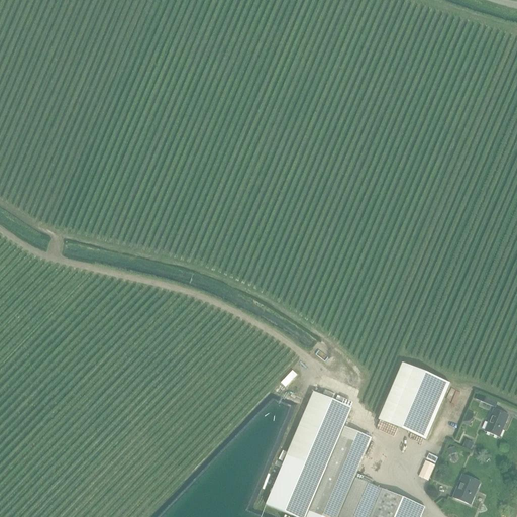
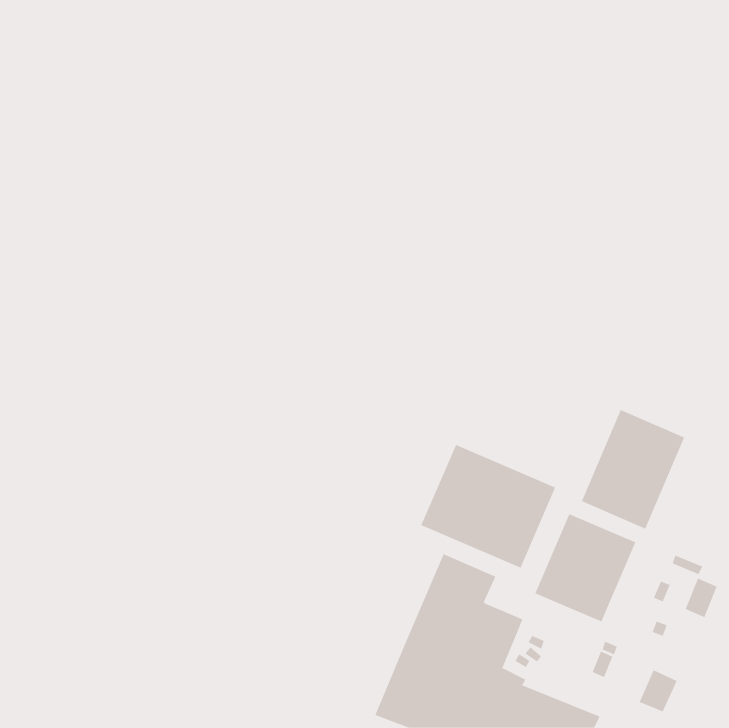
building: none -> [581,409,685,529]
building: none -> [421,444,556,568]

